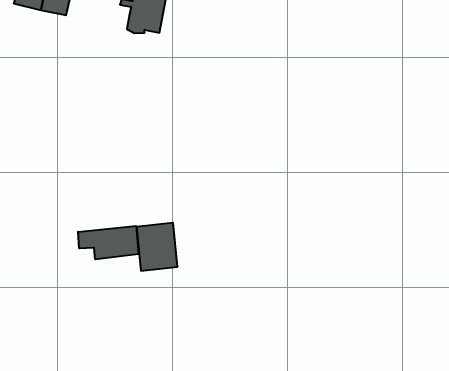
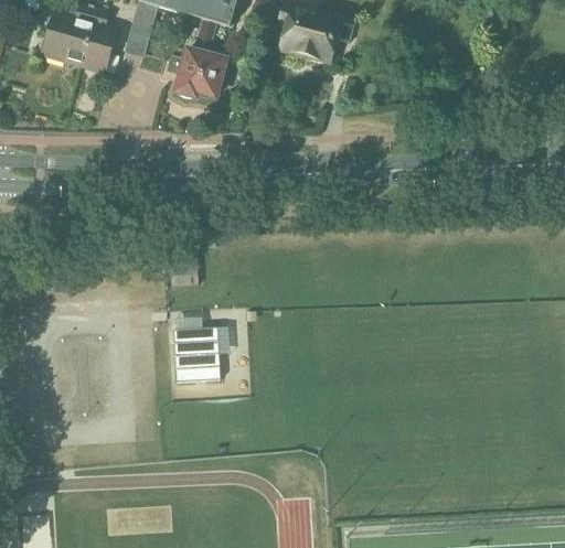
building: [78,226,138,259] -> none

